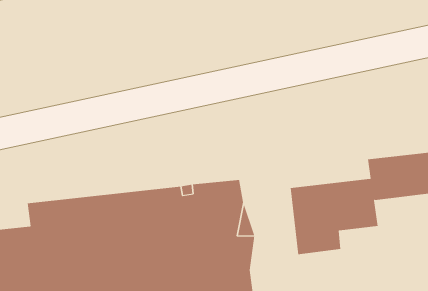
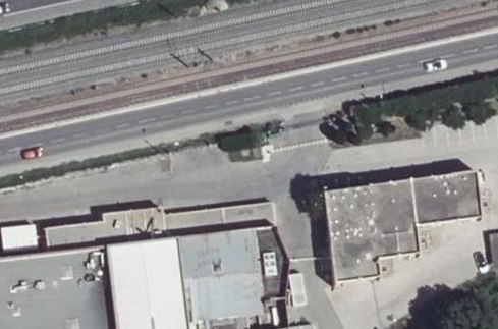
building: none -> [321,182,409,213]

